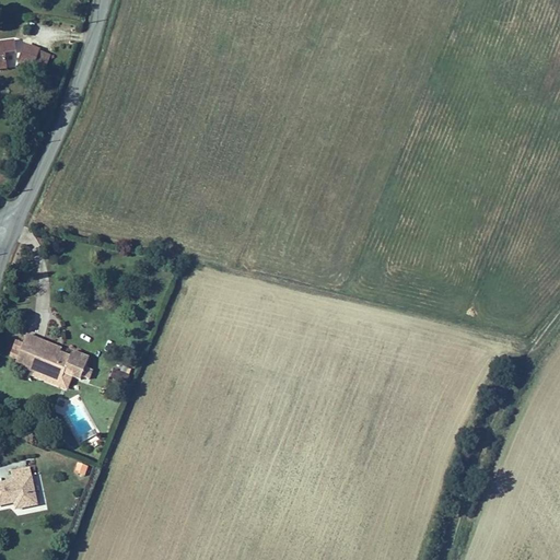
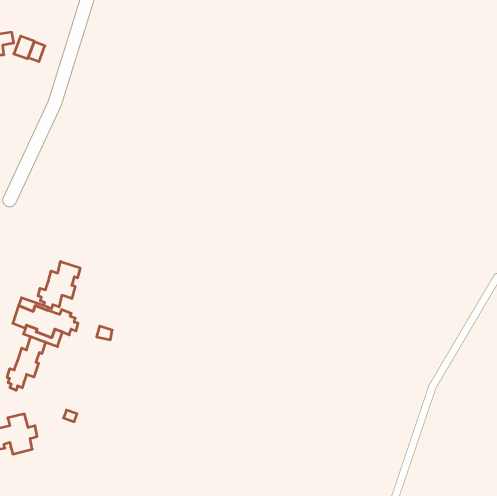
building: none -> [38,261,80,309]
building: none -> [7,337,45,390]

